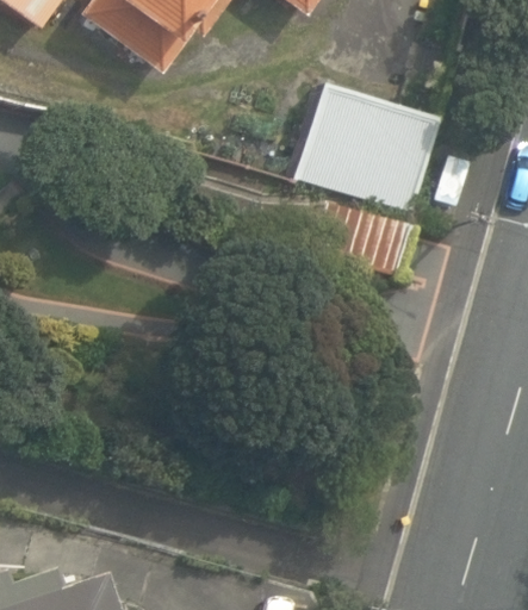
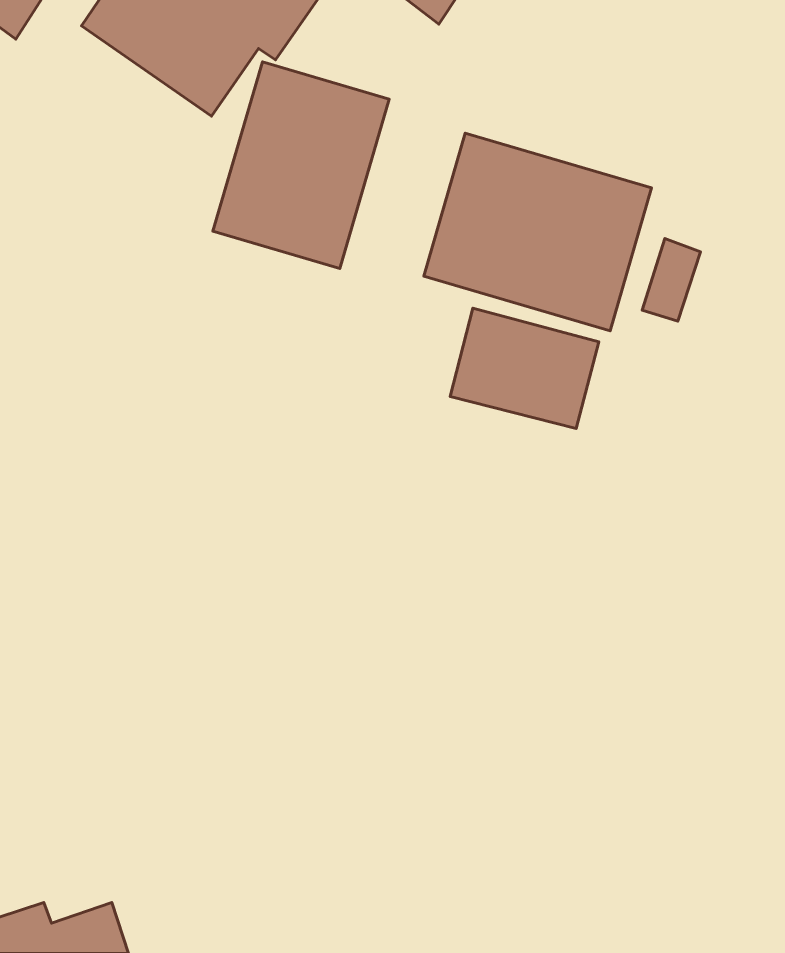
building: none -> [213,62,389,269]

